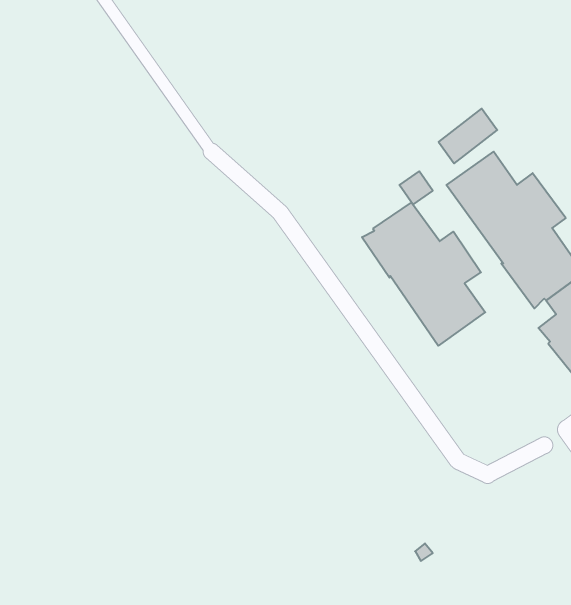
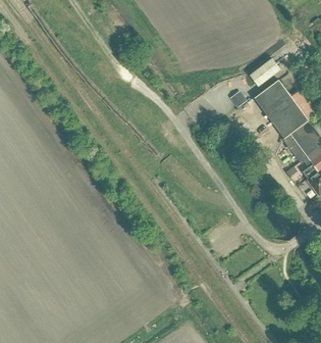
building: [362,202,485,346] -> none

